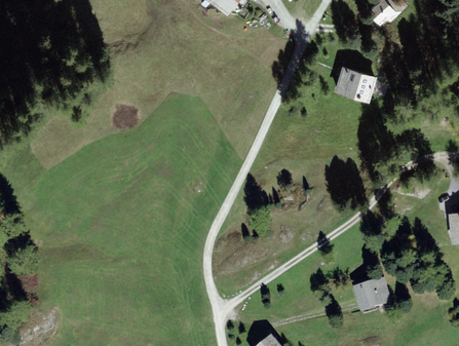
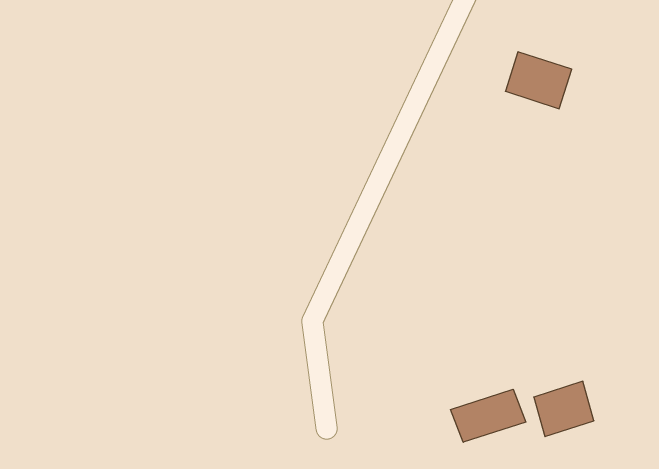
building: none -> [451,389,526,442]

